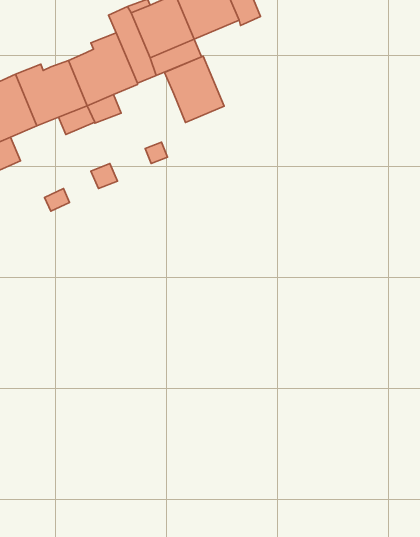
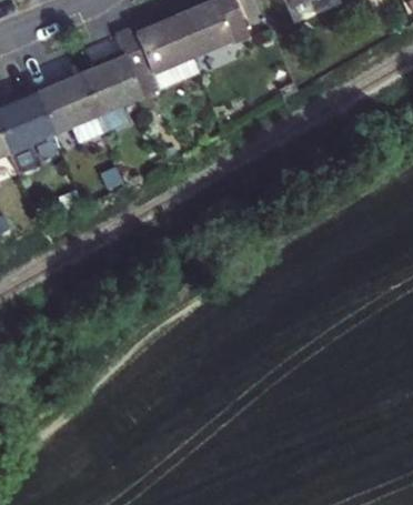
building: [164,56,224,123] -> none

